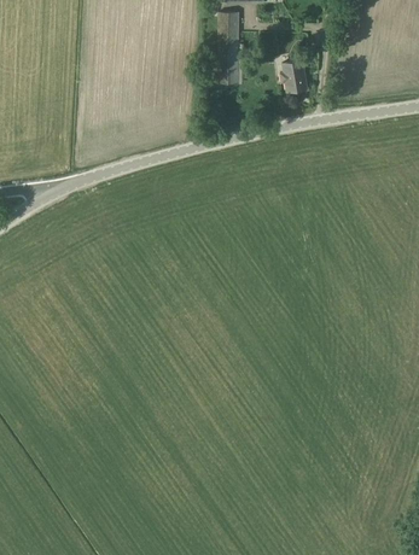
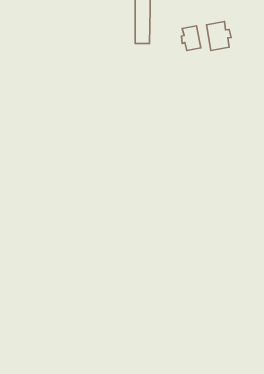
building: none -> [206,21,231,51]

